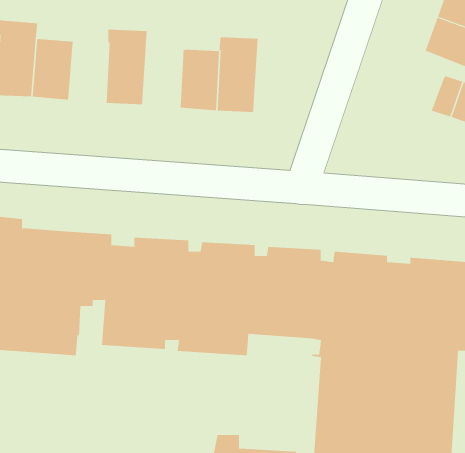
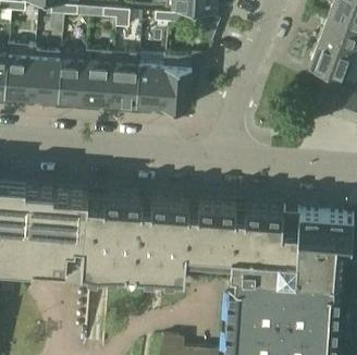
building: none -> [110,54,139,109]
building: none -> [58,62,86,106]

